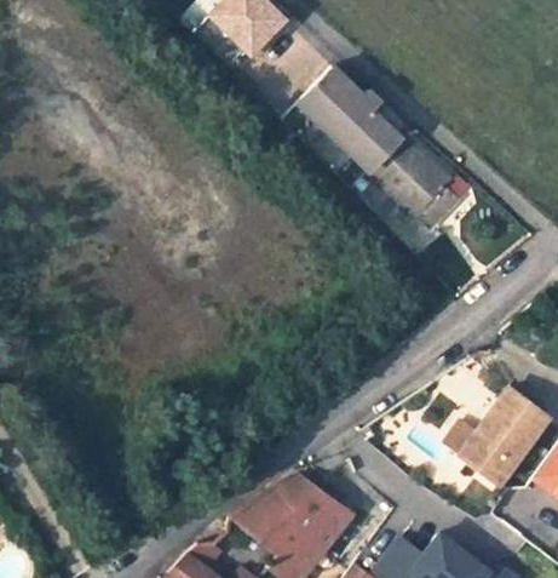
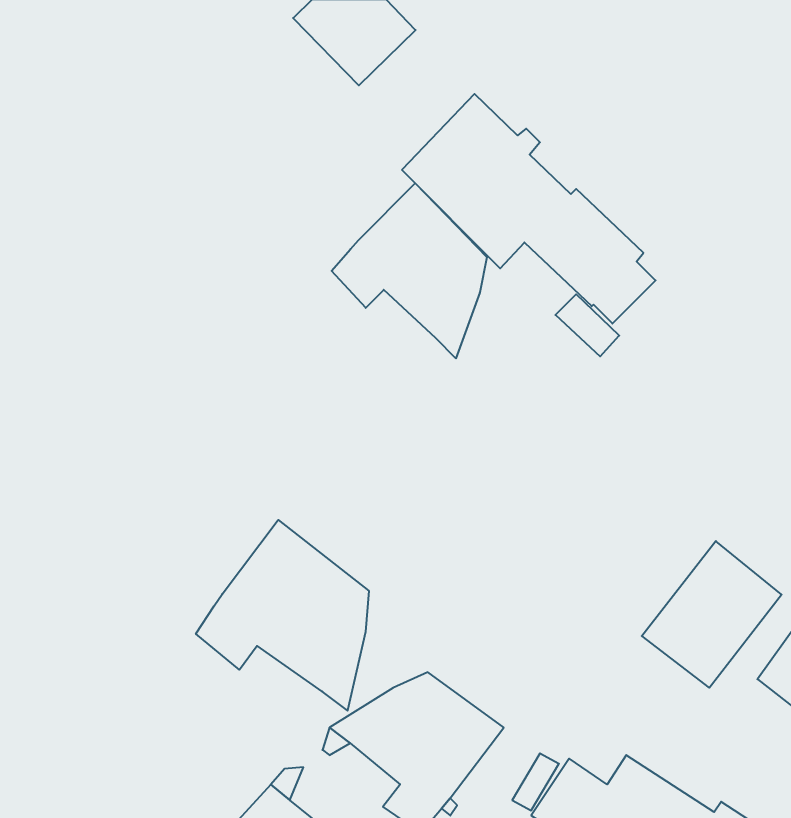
building: none -> [332,183,487,358]
building: none -> [196,520,369,711]

